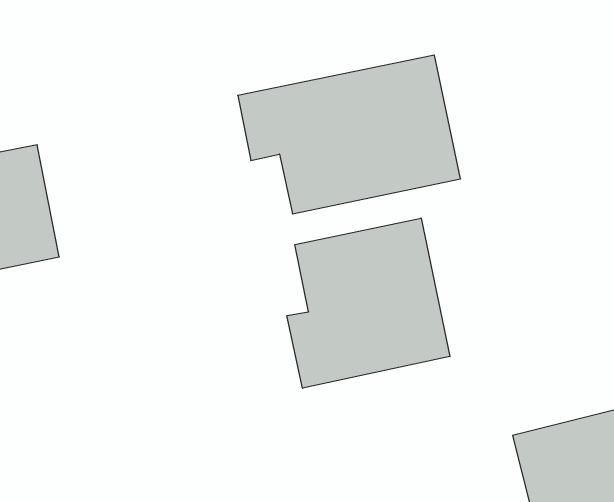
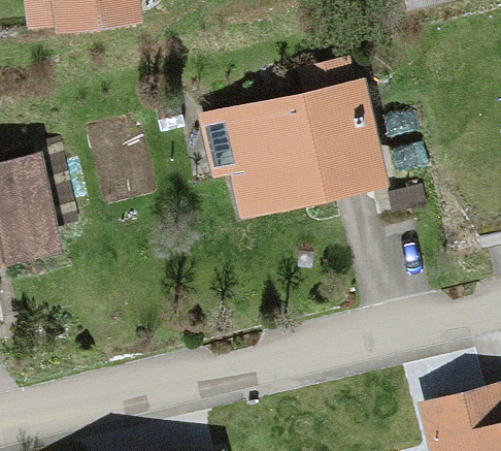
building: [287,218,450,388] -> none

